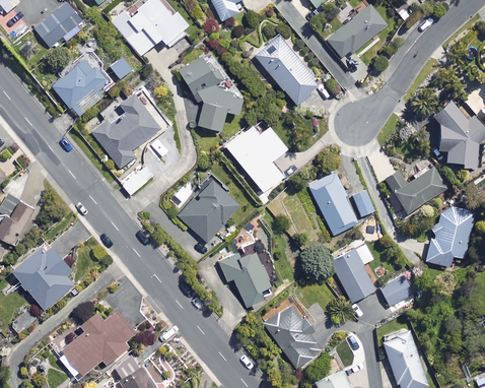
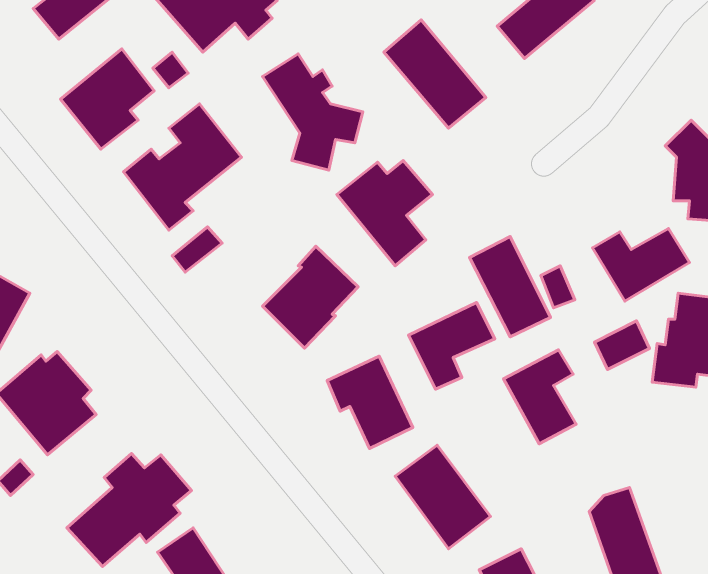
building: none -> [409,302,495,389]
building: [380,275,415,306] -> [595,321,650,370]

